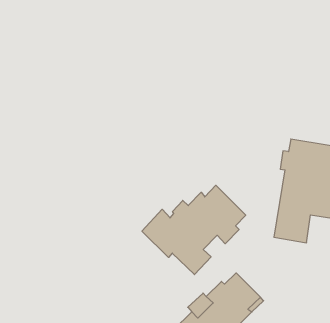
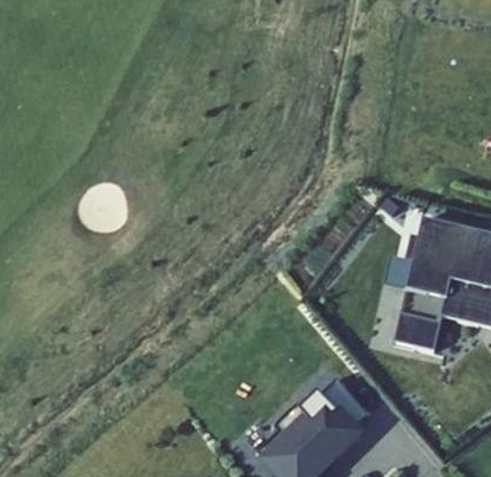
building: [142,185,246,275] -> none

